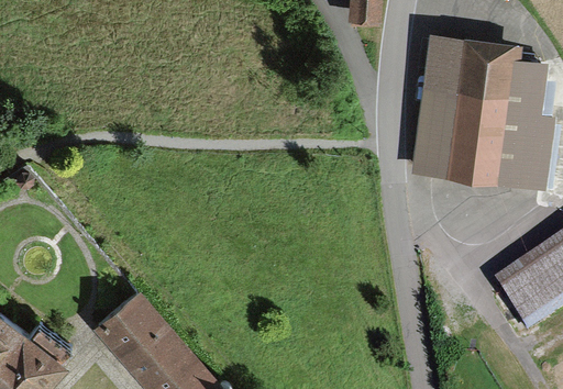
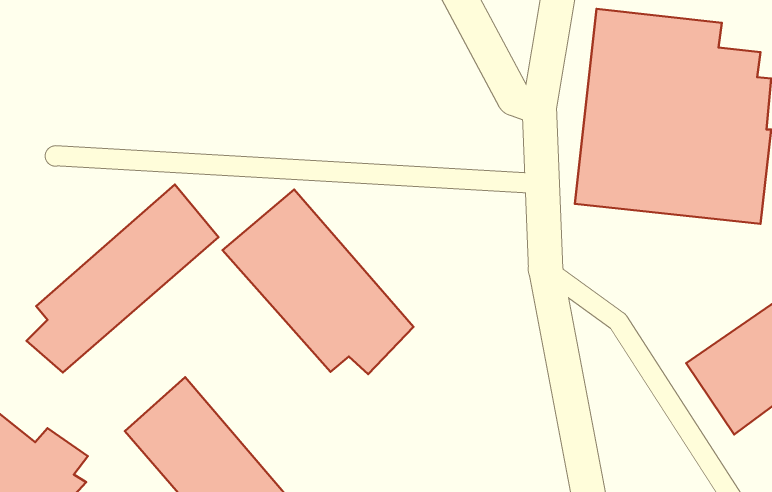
building: none -> [27,184,219,372]
building: none -> [222,189,414,374]

